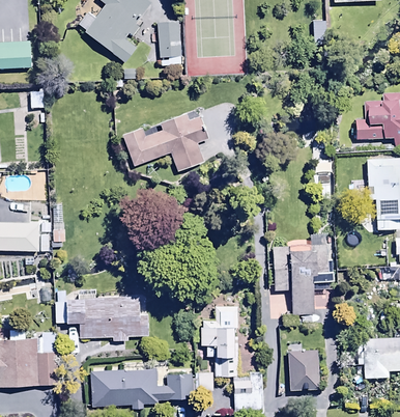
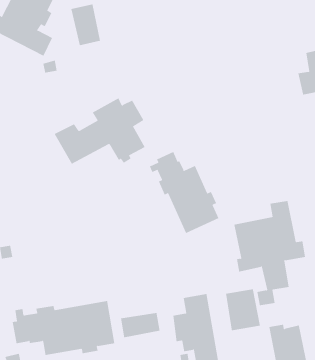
building: none -> [149,151,219,234]
building: none -> [226,289,261,331]
building: none -> [120,312,160,338]

